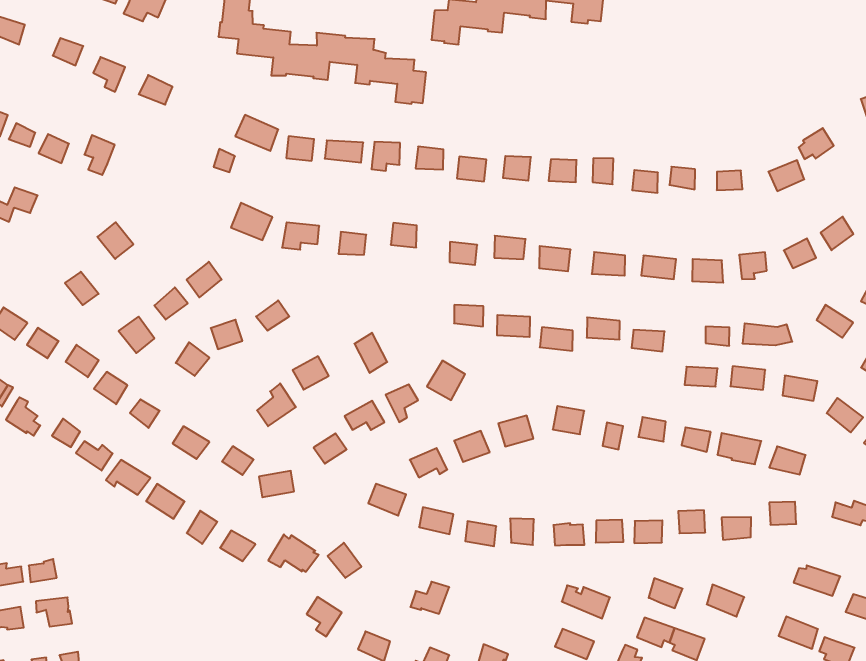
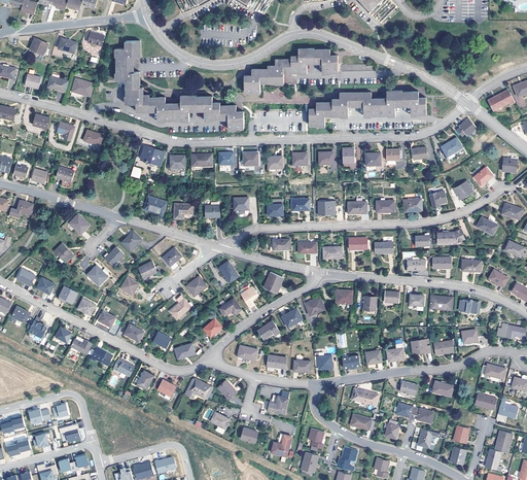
building: none -> [308,90,426,126]

